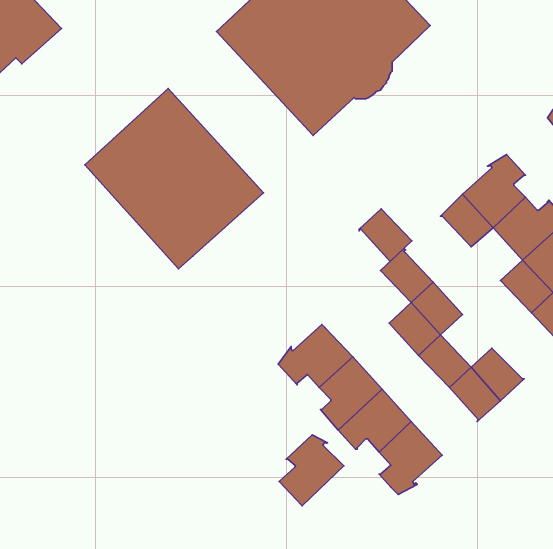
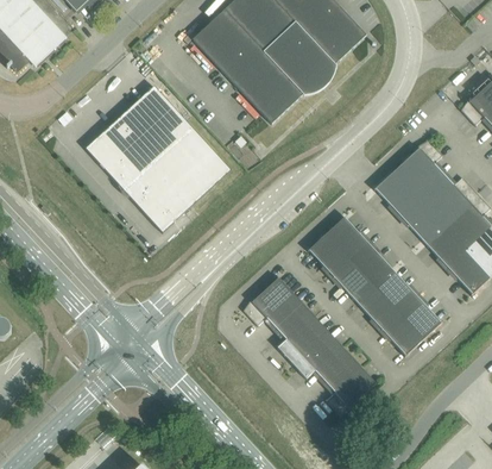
building: [359,209,412,261] -> [308,233,351,276]
building: none -> [399,199,441,242]
building: none -> [374,269,416,312]
building: [279,435,344,506] -> none

